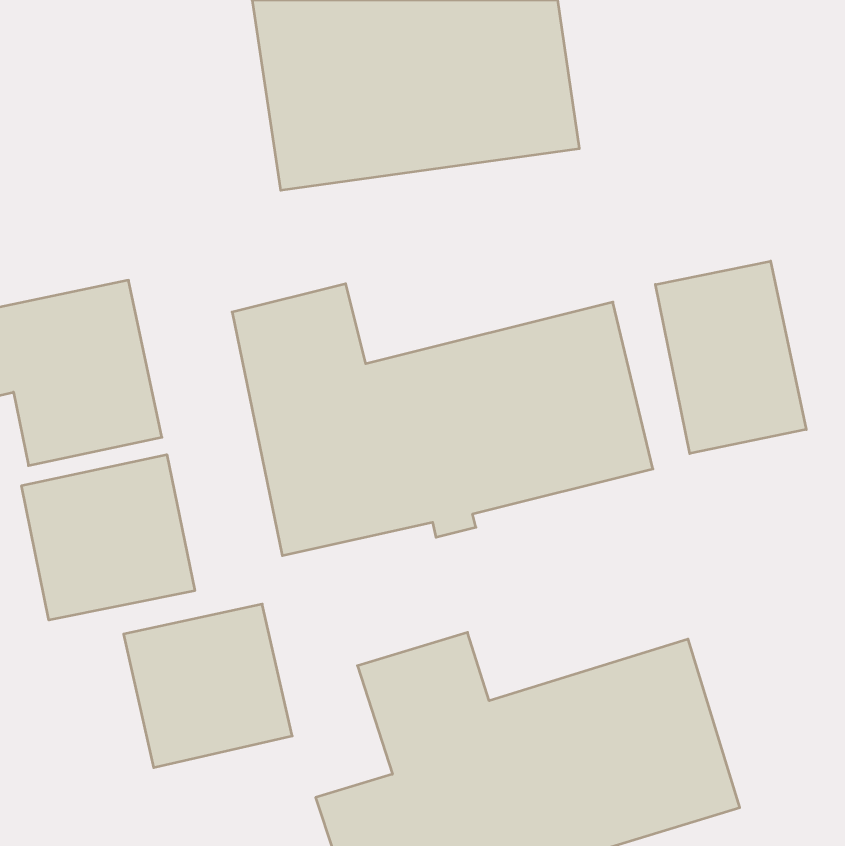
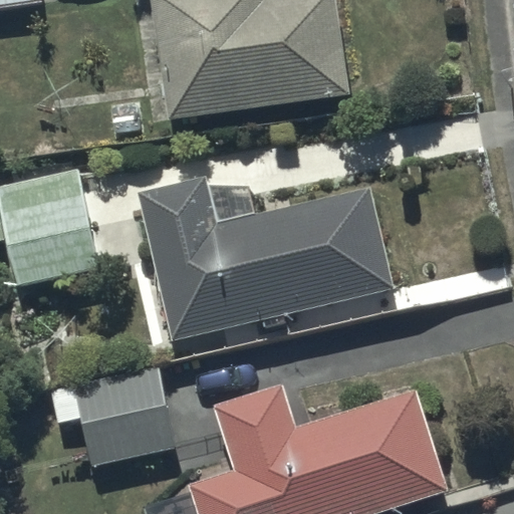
building: [655,261,806,454] -> none
building: [22,455,195,620] -> none

